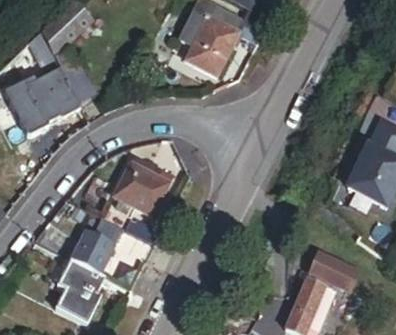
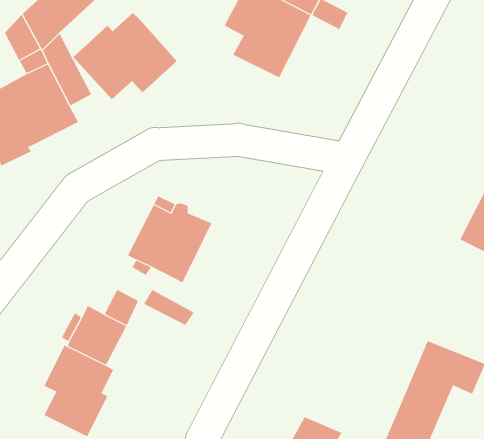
building: none -> [72,12,178,100]

